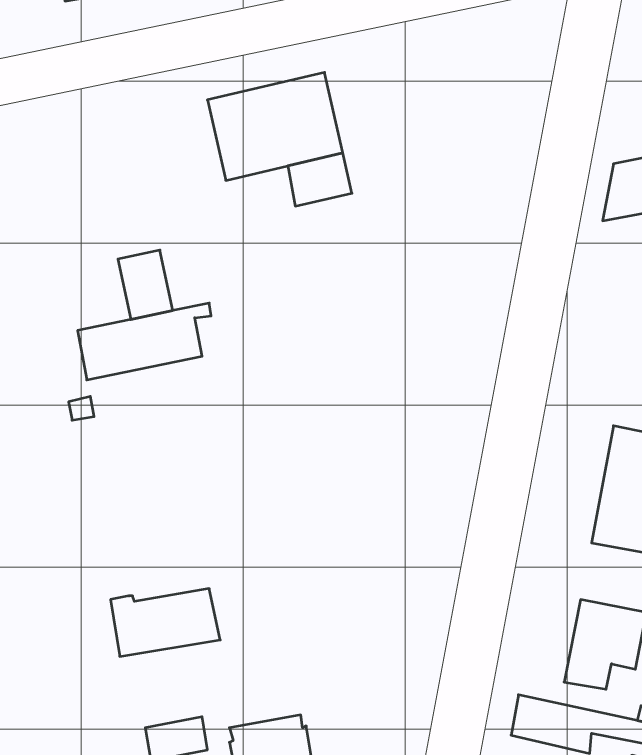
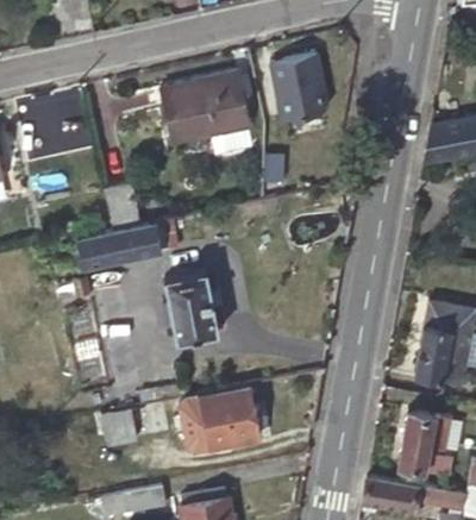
building: none -> [271,54,336,127]
building: none -> [165,272,223,344]
building: none -> [182,386,257,450]

